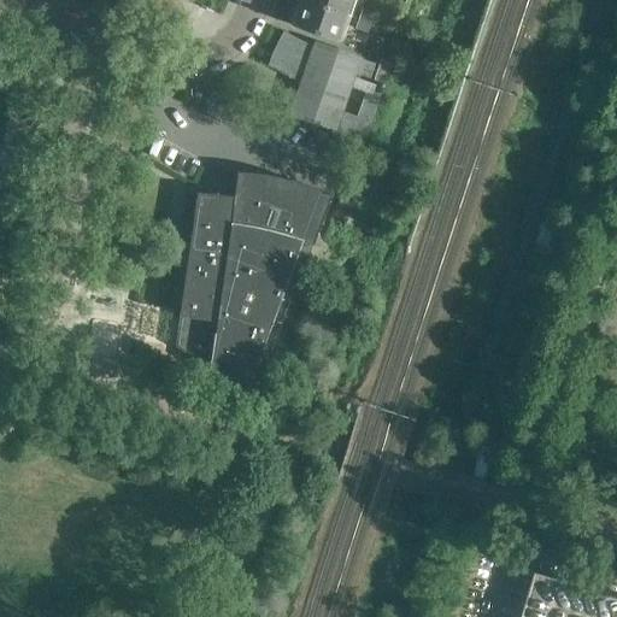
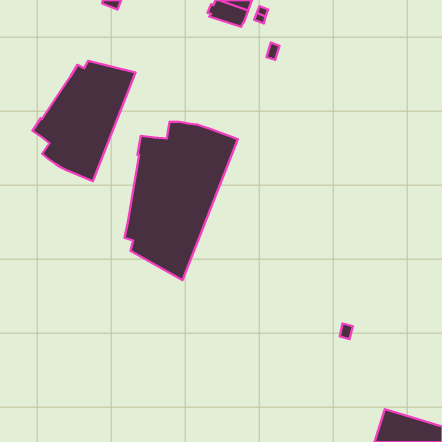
building: [268,31,380,146] -> none
building: none -> [32,61,136,181]

